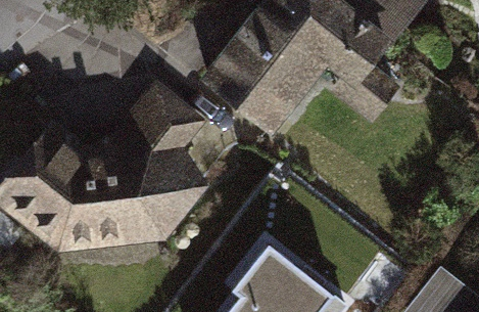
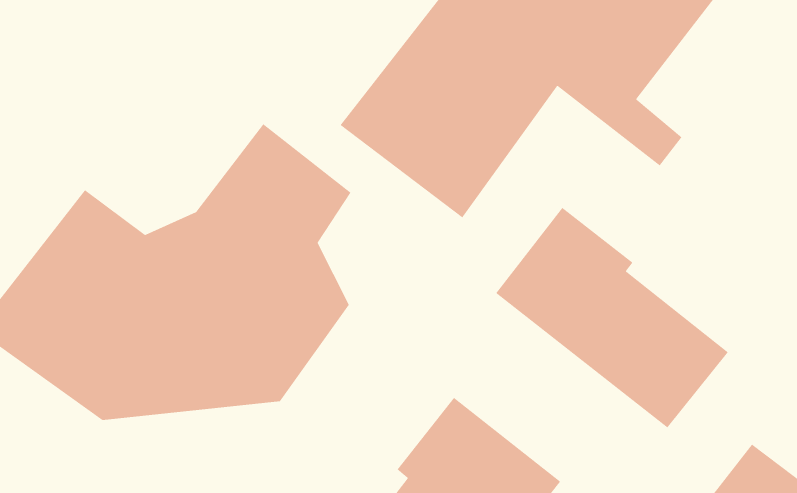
building: none -> [495,207,729,428]

